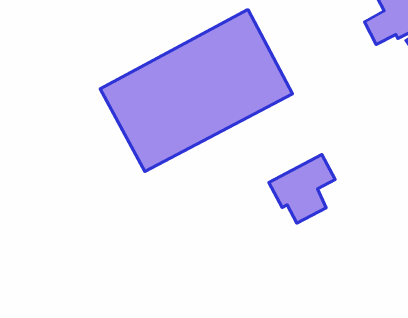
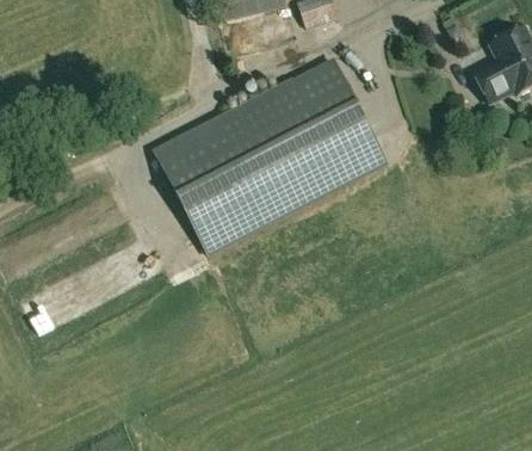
building: [269,154,335,223] -> none

